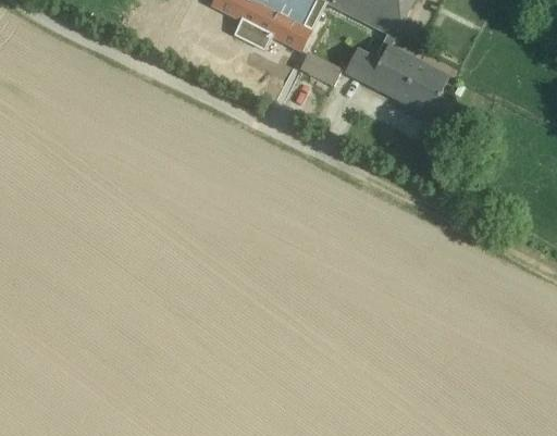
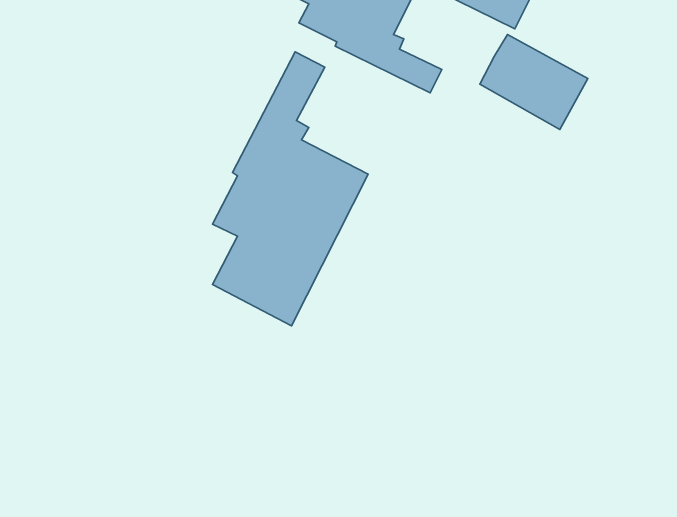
building: [344,45,379,77] -> none
building: none -> [213,52,368,326]

